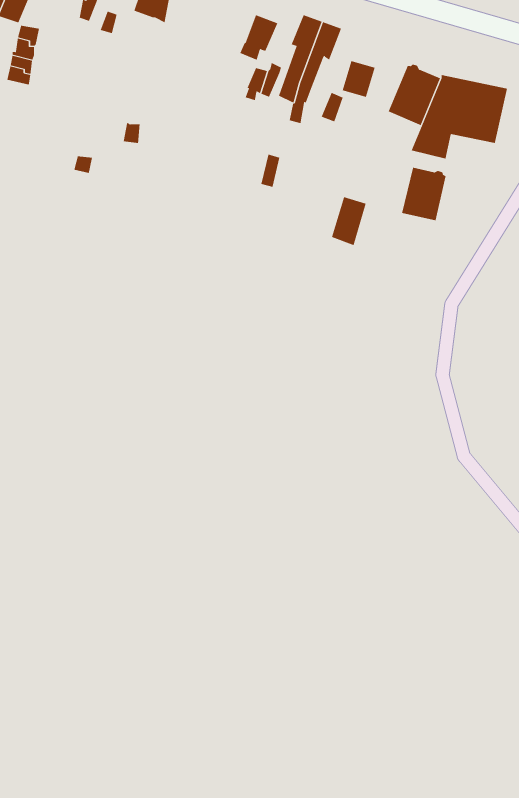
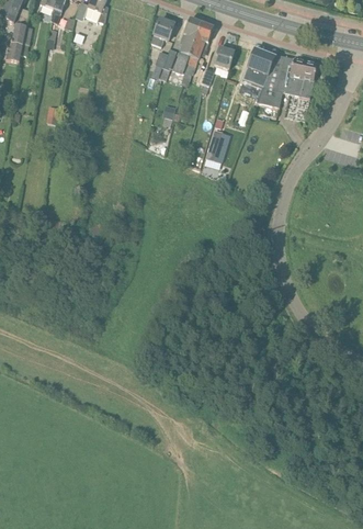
building: [402,167,446,221] -> none

